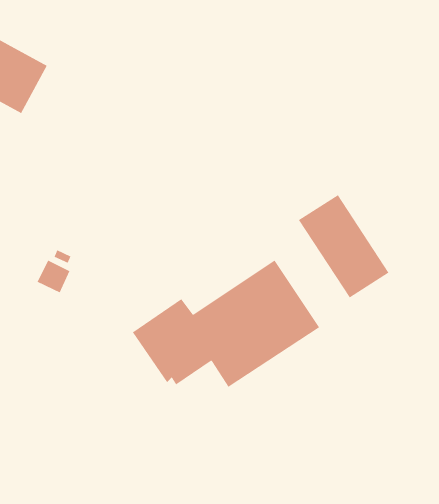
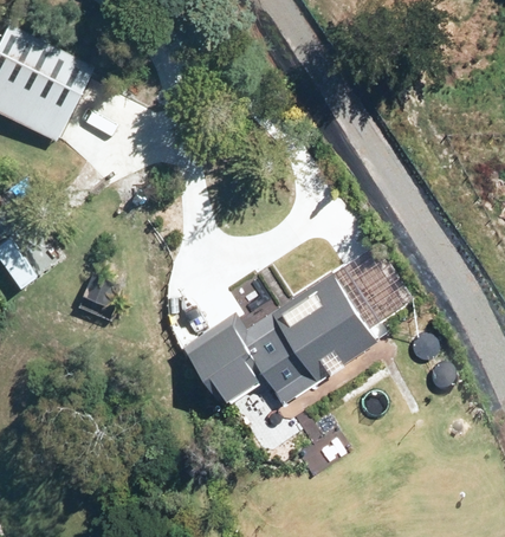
building: [298,194,389,298] -> none

